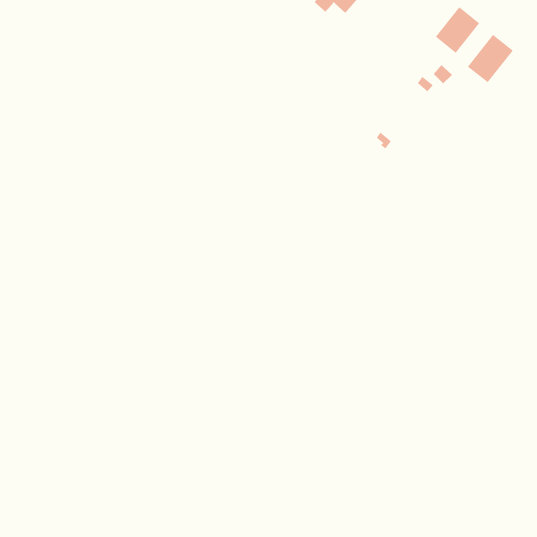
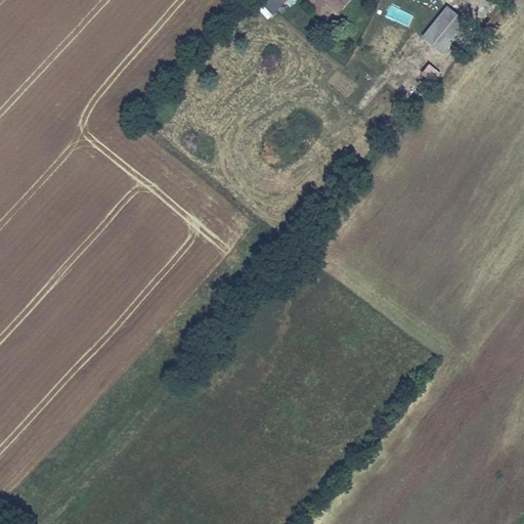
building: [467,34,514,83] -> none

